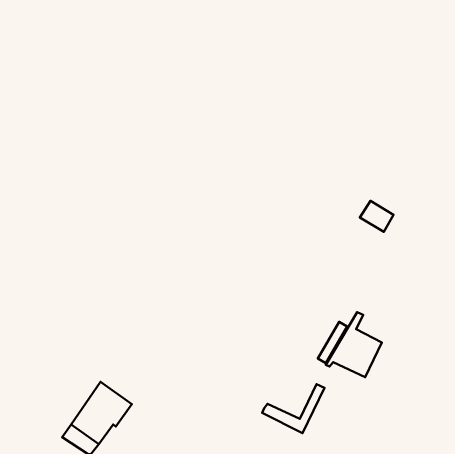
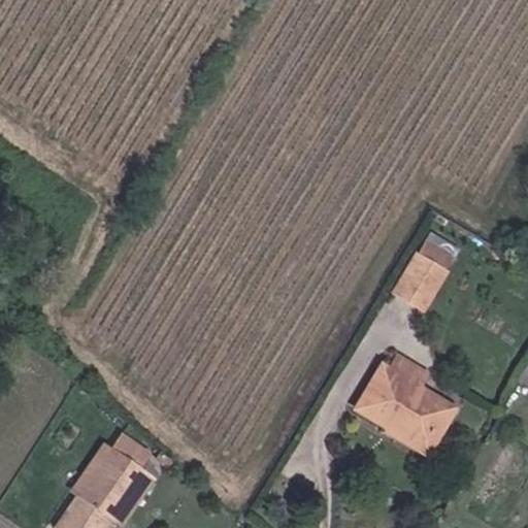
building: none -> [393,252,444,308]
building: [262,384,325,433] -> [380,396,452,453]

